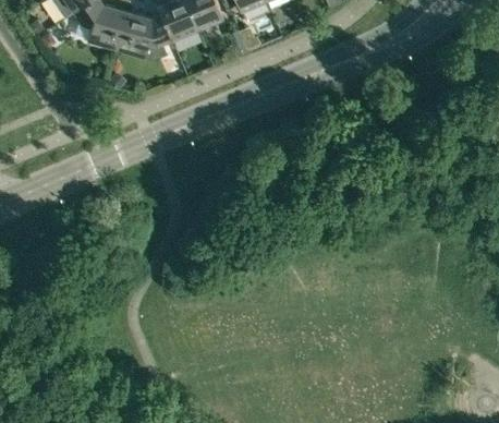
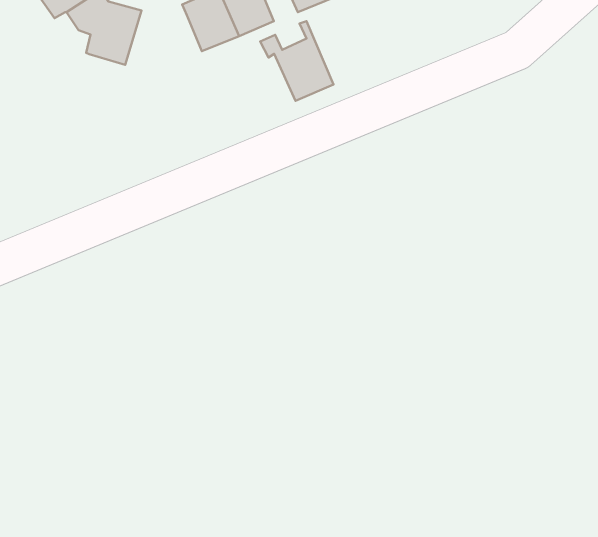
building: [113,10,169,57] -> none
building: none -> [260,21,334,101]

